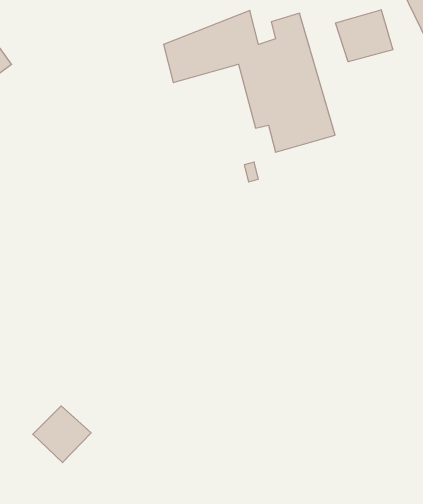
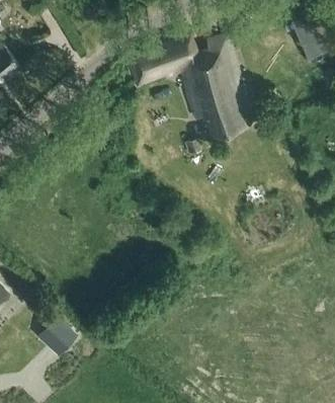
building: [336,10,393,62] -> none

